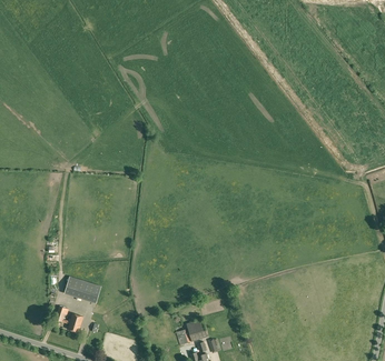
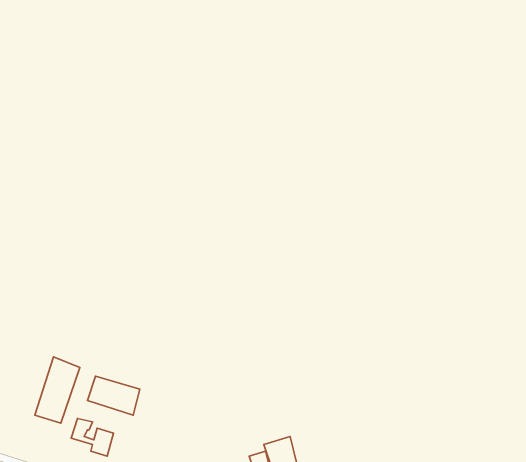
building: none -> [35,357,80,423]

